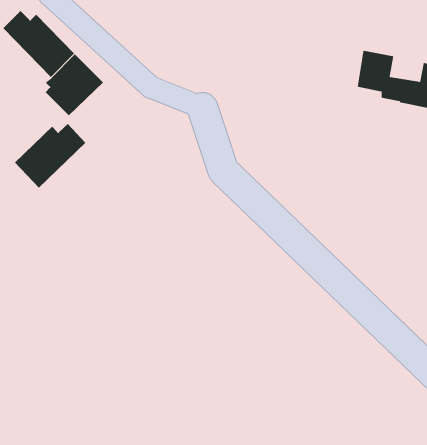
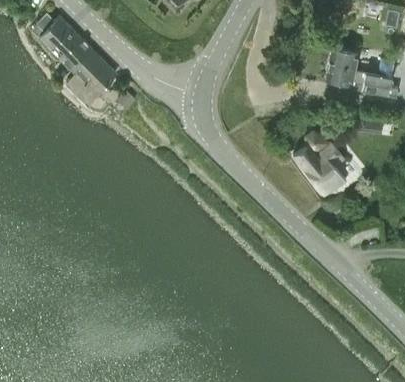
building: [14,123,86,188] -> none
building: none -> [294,132,347,197]

